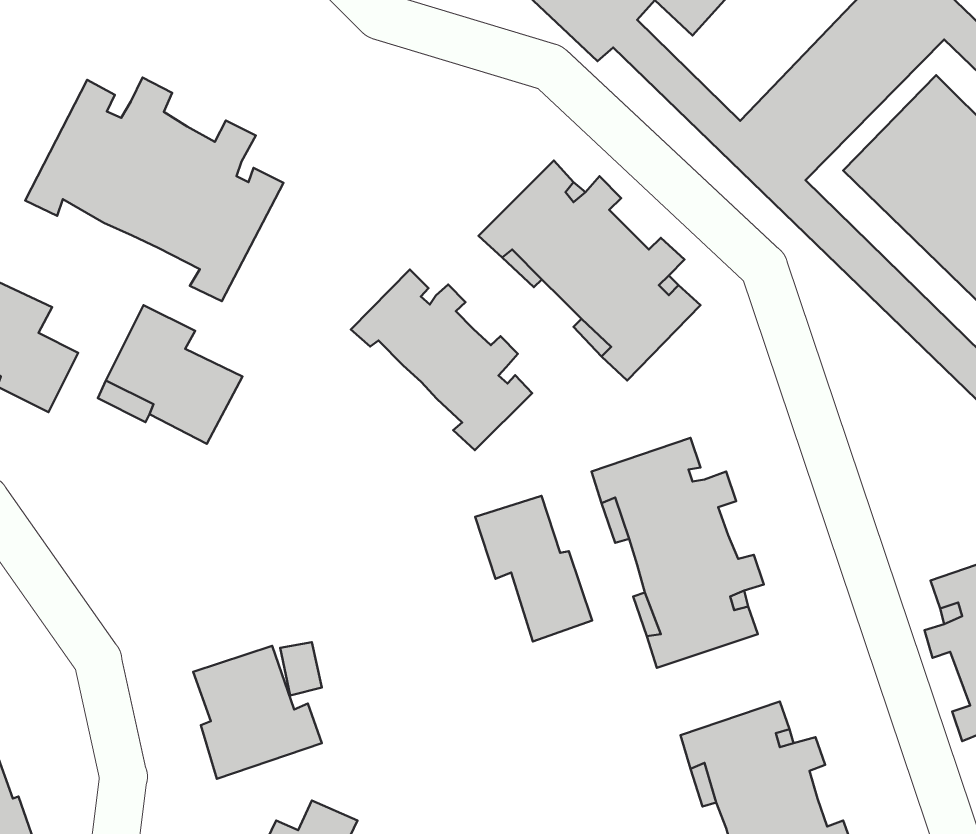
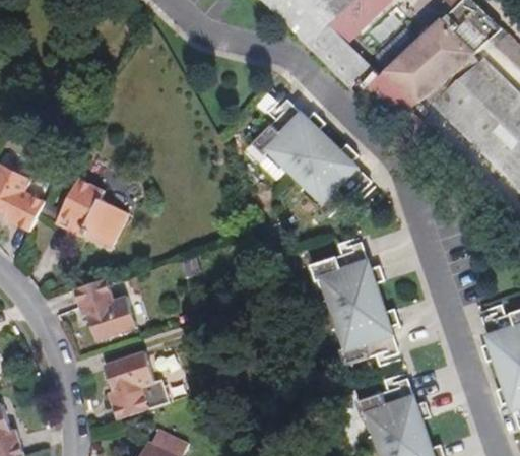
building: [25,78,283,301] -> none
building: [351,270,532,450] -> none
building: [475,496,592,641] -> none
building: none -> [73,277,138,340]

